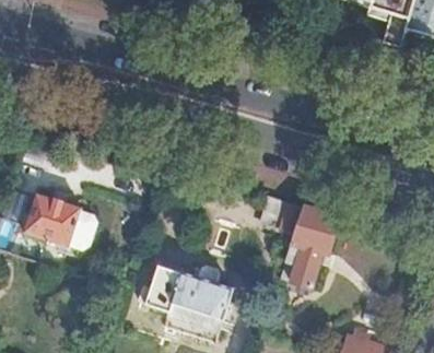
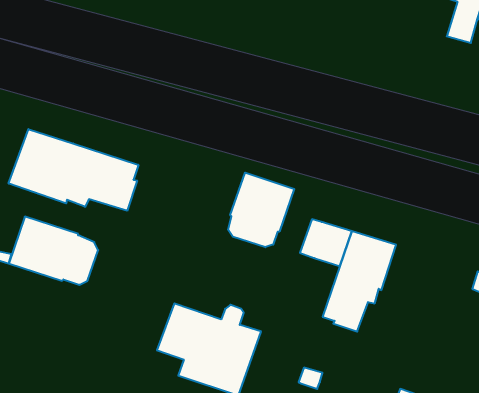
building: none -> [9,129,138,211]
building: none -> [228,173,294,247]

